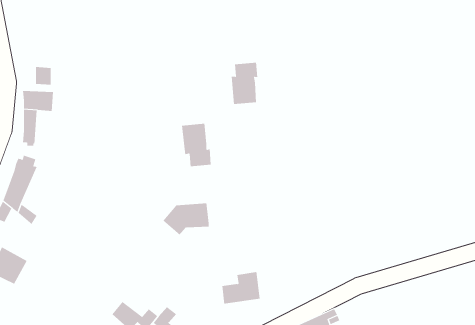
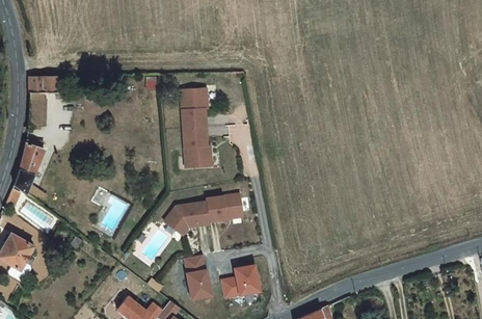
building: [231,62,258,105] -> [181,87,207,128]
building: none -> [208,196,243,221]
building: none -> [186,256,209,298]

